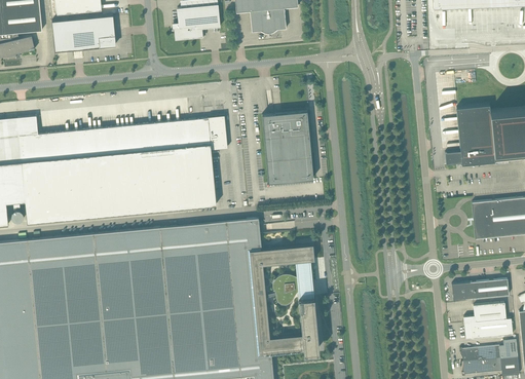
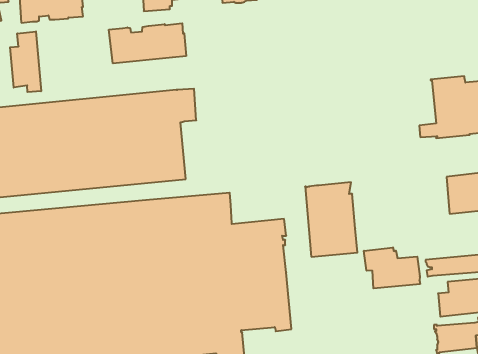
building: none -> [109,23,186,63]
building: none -> [10,31,41,92]
building: [262,111,313,184] -> [305,182,357,257]
building: none -> [364,247,420,288]

